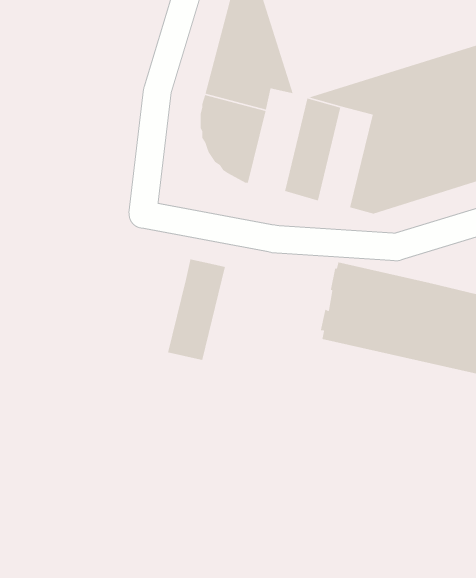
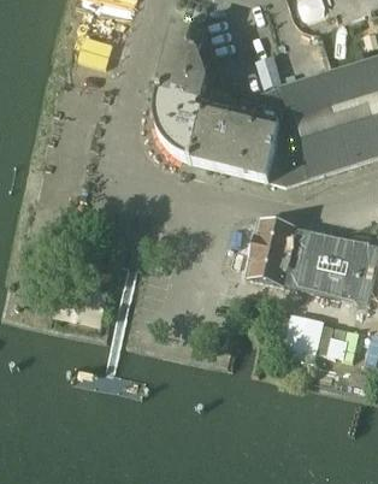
building: none -> [247,105,287,179]
building: [167,259,226,361] -> [195,92,238,167]

